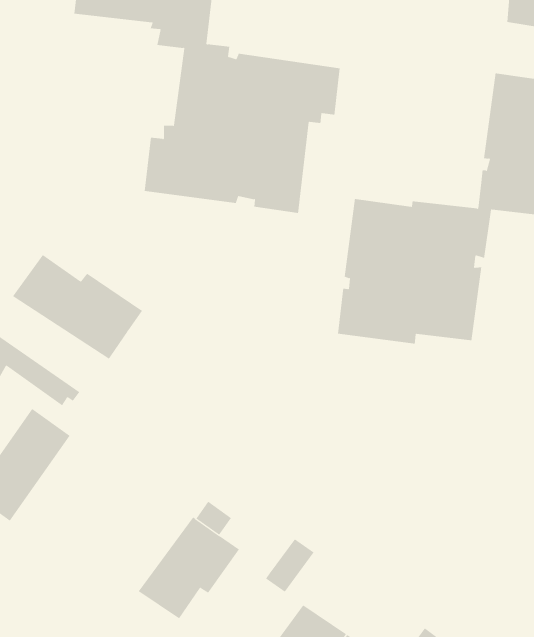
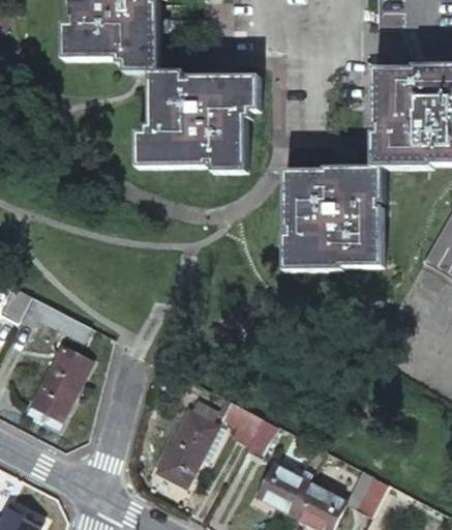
building: [12,254,143,360] -> none
building: none -> [222,400,266,443]

